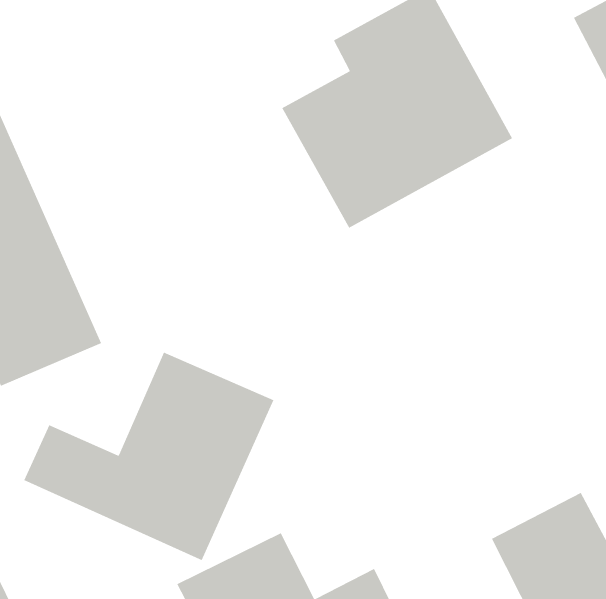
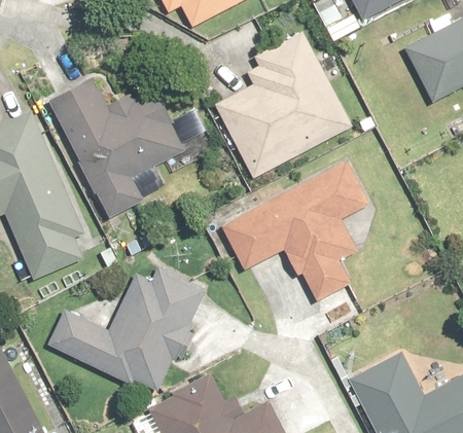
building: none -> [49,75,192,218]
building: none -> [216,157,372,299]

